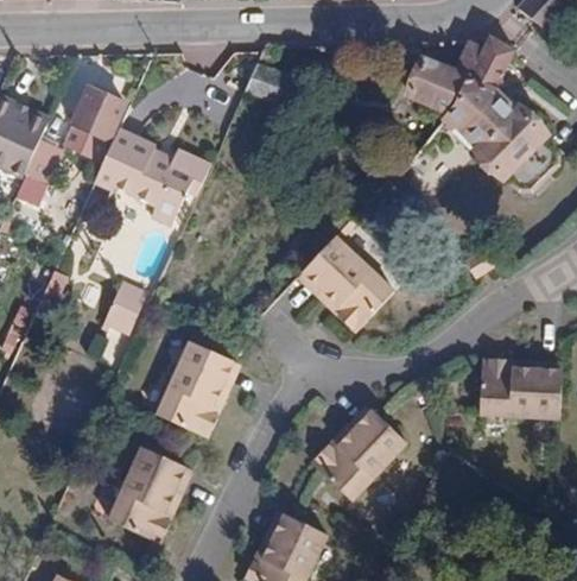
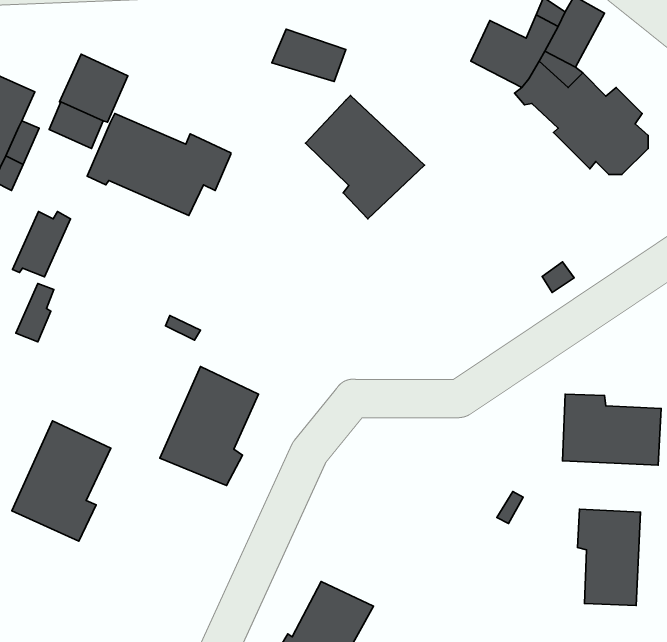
building: [303,229,400,330] -> [305,95,425,219]
building: [101,278,148,331] -> [12,211,71,277]
building: [311,411,405,500] -> none
building: [104,444,185,543] -> [12,421,111,541]
building: none -> [577,509,640,606]

